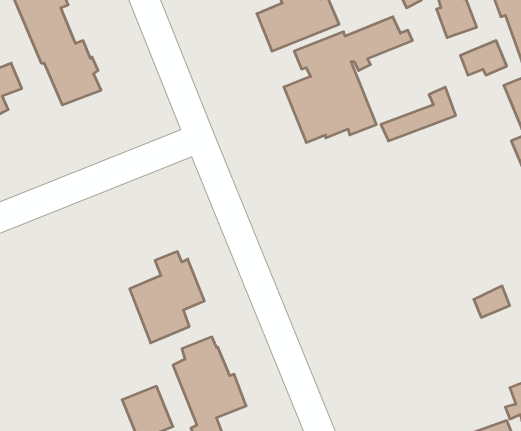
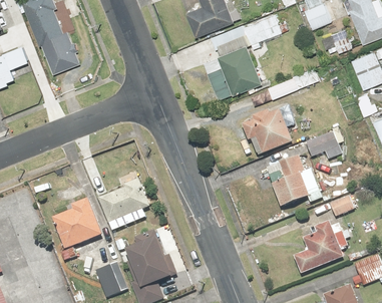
building: none -> [240,107,290,157]
building: none -> [304,129,342,161]
building: none -> [265,156,321,208]
building: none -> [51,199,103,262]
building: none -> [294,220,347,274]

